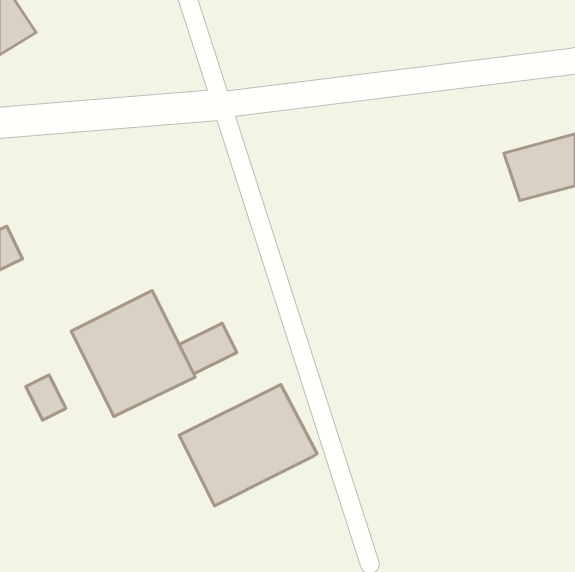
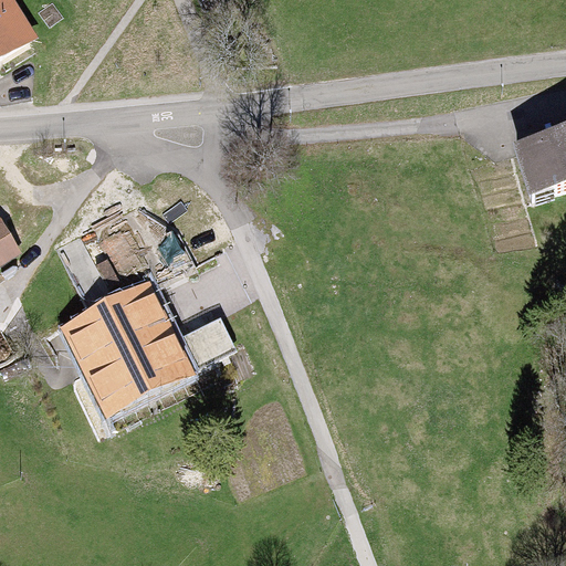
building: [26,375,66,420] -> none
building: [179,384,317,506] -> none

